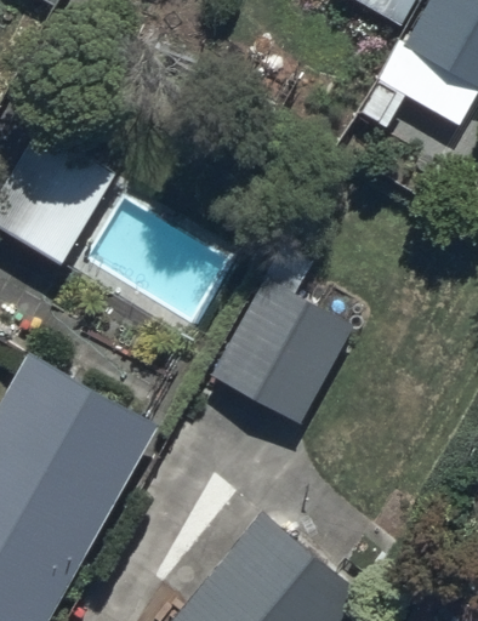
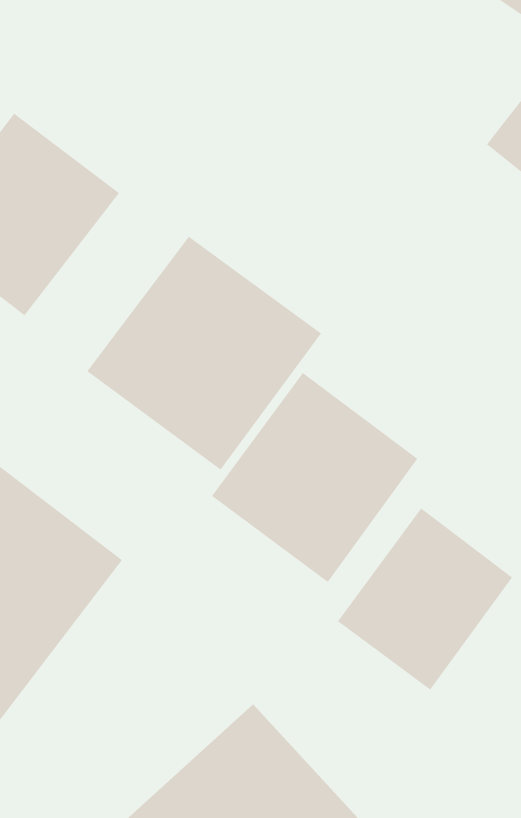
building: none -> [86,236,322,470]
building: none -> [337,507,513,690]

